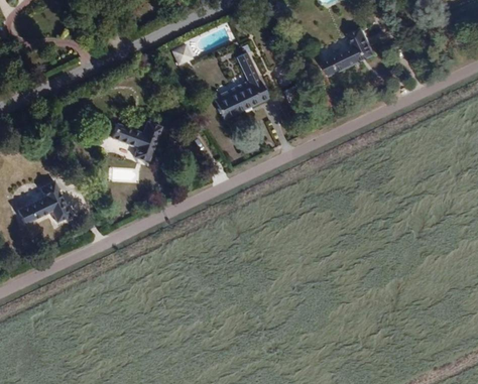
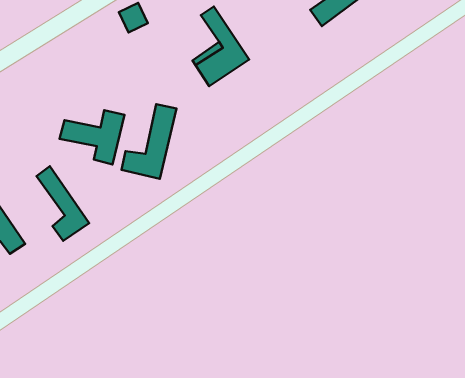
building: none -> [121,104,176,179]
building: none -> [37,166,89,241]

